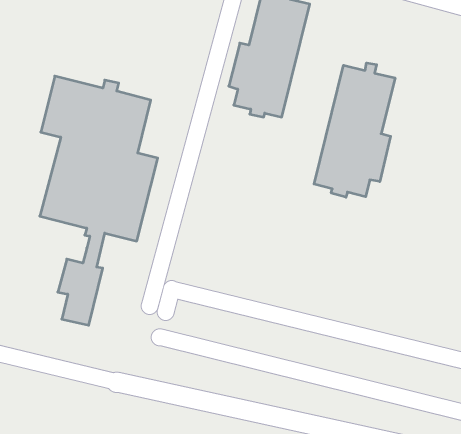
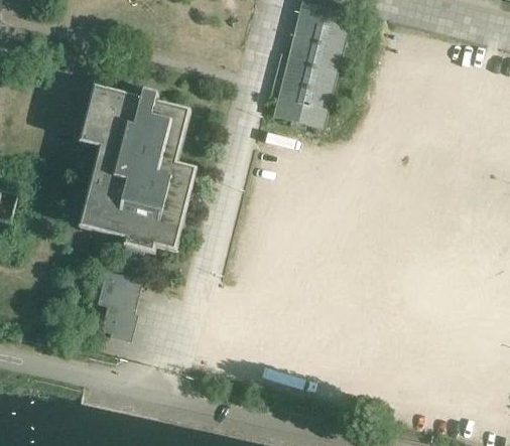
building: [314,63,395,197] -> none

